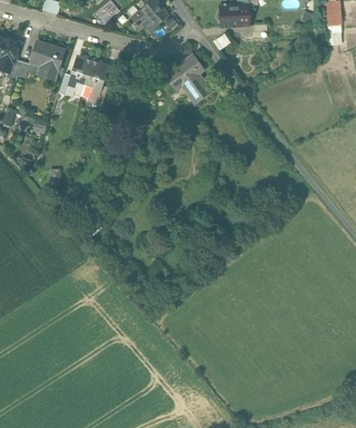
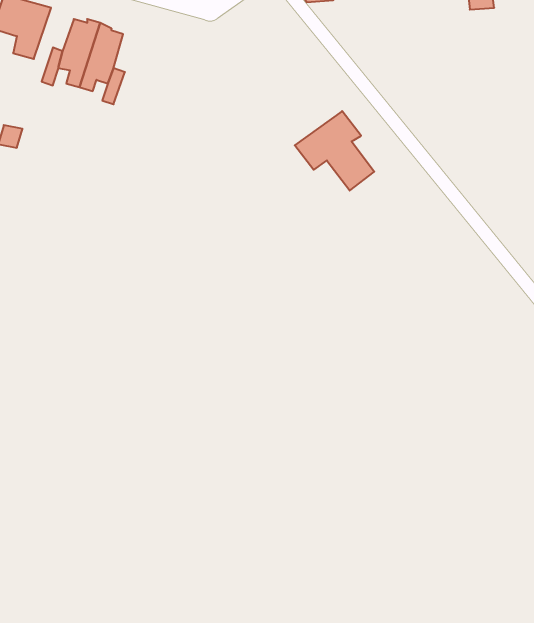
building: [165,55,211,101] -> [295,111,374,191]

